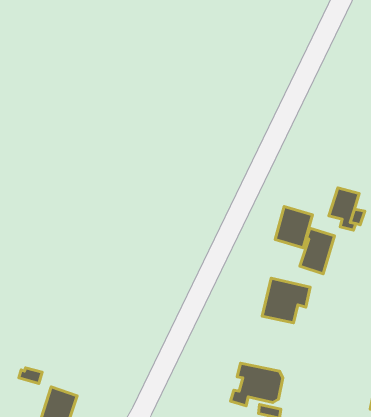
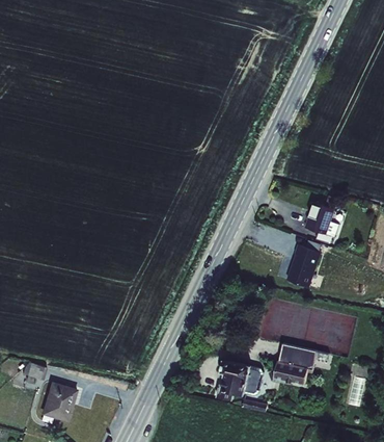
building: [275,207,312,248] -> none
building: [262,278,310,323] -> [276,345,321,387]

